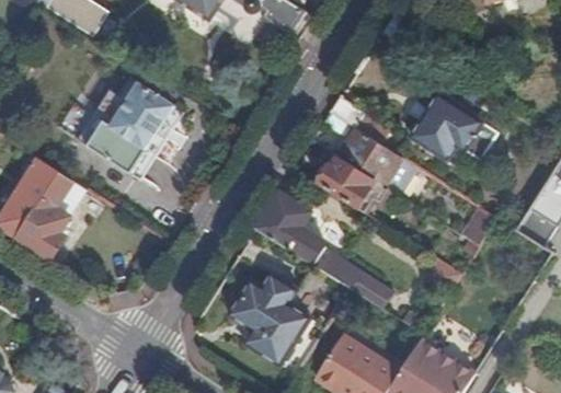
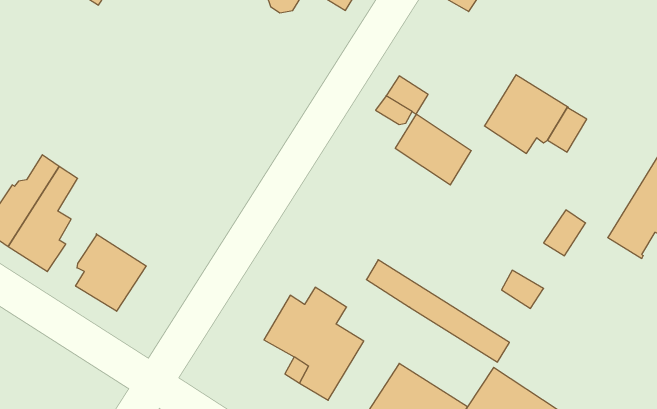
building: [83,76,173,174] -> none
building: [317,155,388,212] -> none
building: [254,192,310,248] -> none
building: none -> [76,234,146,311]

